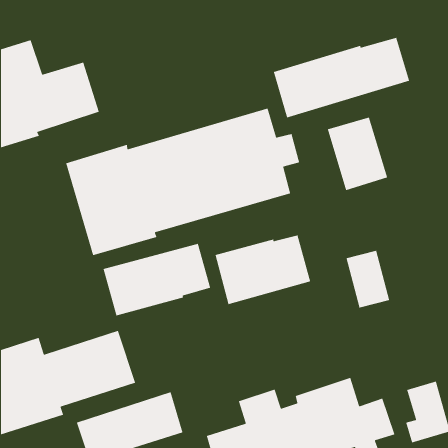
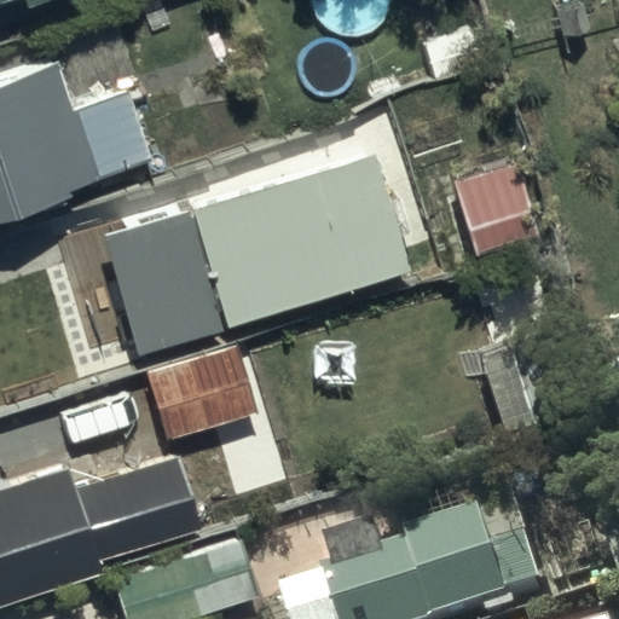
building: [273,37,410,119] -> none
building: [214,234,311,305] -> none

